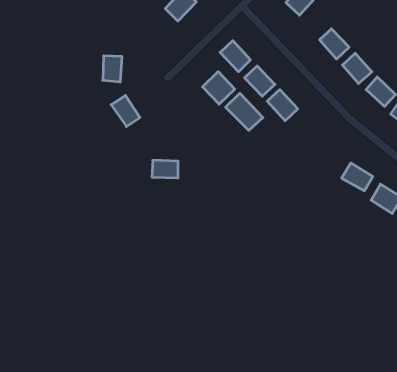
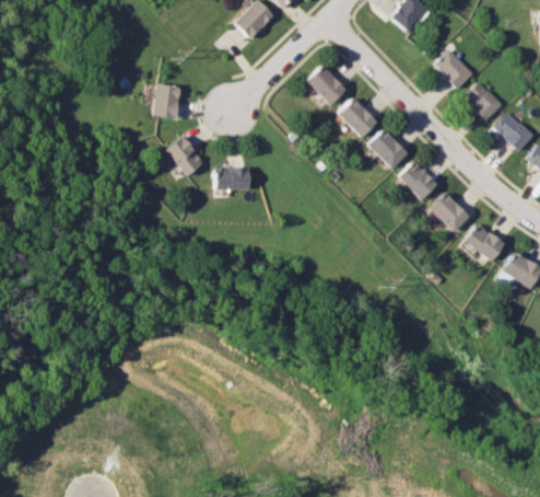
building: [202,72,235,104] -> none
building: [226,93,263,130] -> none
building: none -> [398,160,436,200]
building: none -> [429,192,468,231]
building: [152,160,178,178] -> [214,166,248,189]

